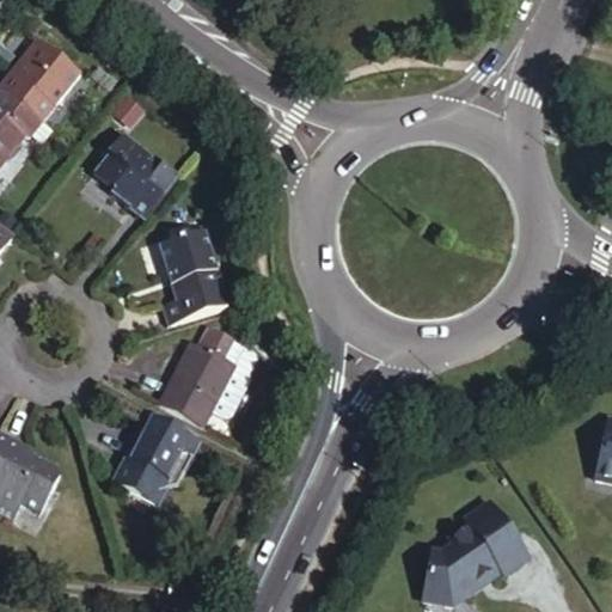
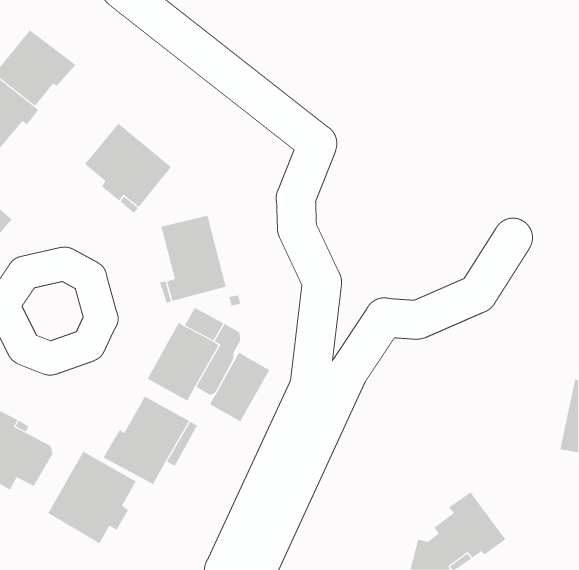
building: none -> [209,352,270,422]
building: none -> [48,451,137,544]

